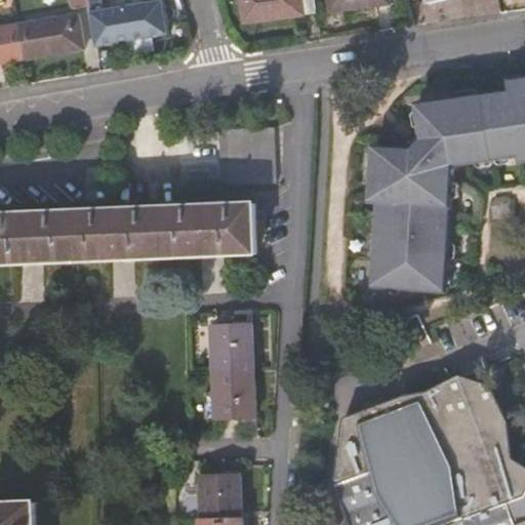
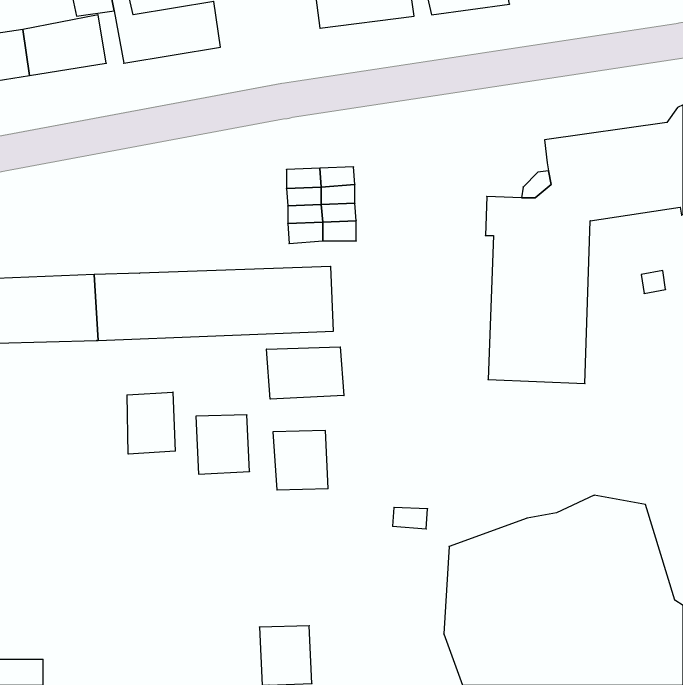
building: none -> [267,347,344,399]
building: none -> [127,392,175,454]
building: [211,372,252,417] -> [196,415,250,474]

